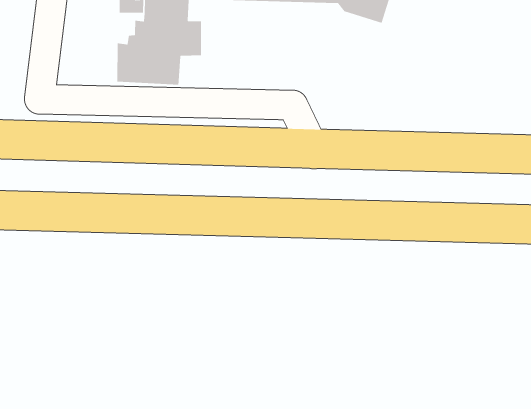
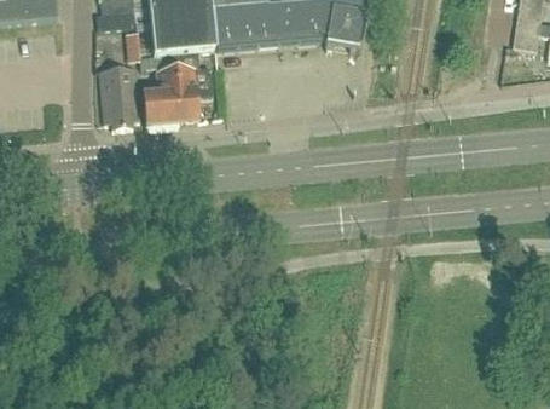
building: none -> [99,65,138,126]

